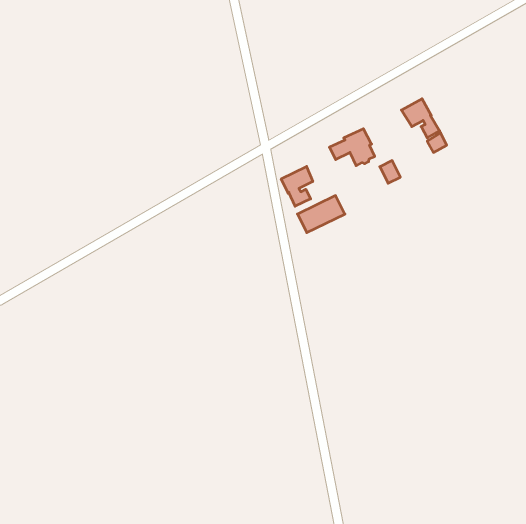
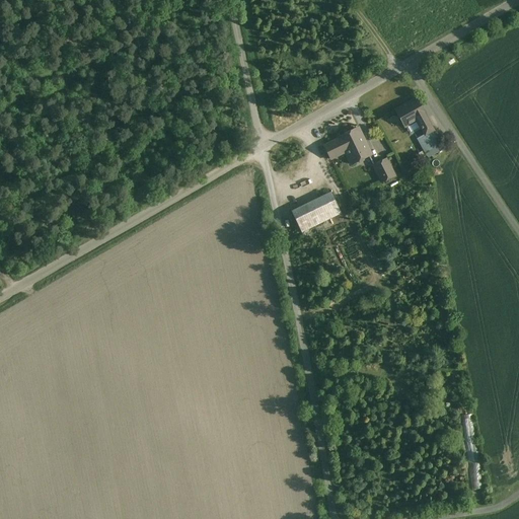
building: [281,166,313,206] -> none

